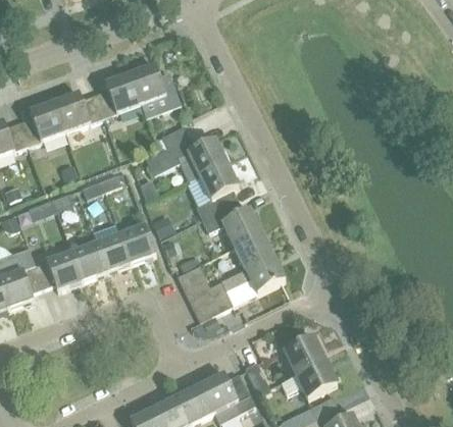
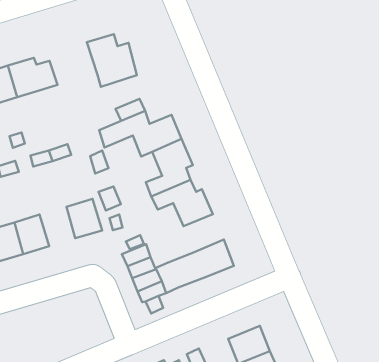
building: [95,73,142,116] -> none
building: [234,230,272,268] -> none
building: [95,232,131,271] -> none

